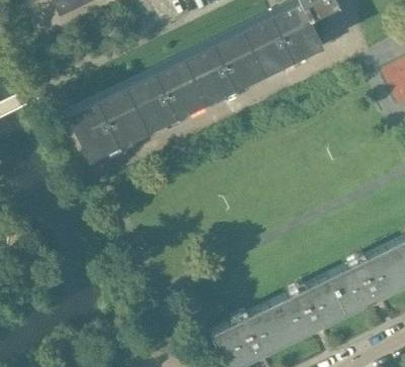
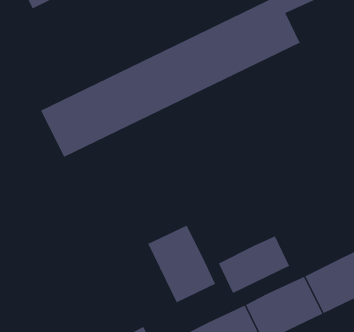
building: none -> [148,225,216,303]
building: none -> [218,236,290,294]

